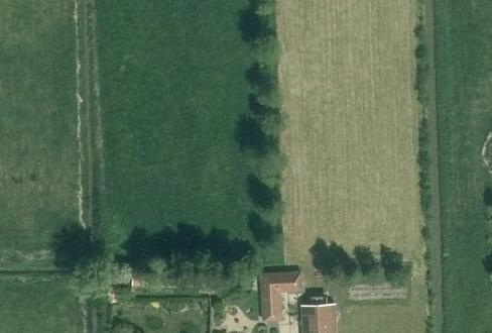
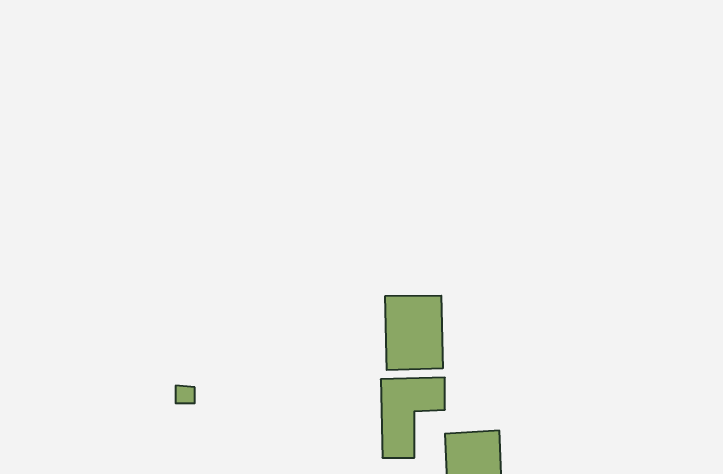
building: none -> [385,296,443,370]

